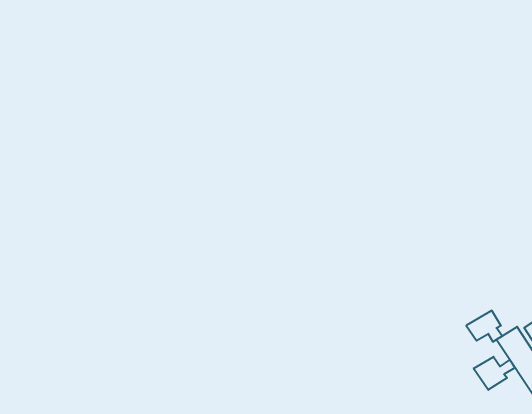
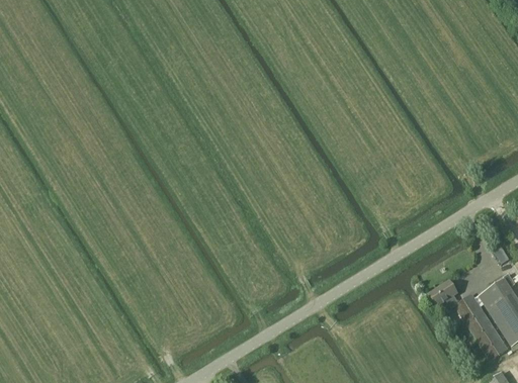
building: [474,357,515,390] -> none

